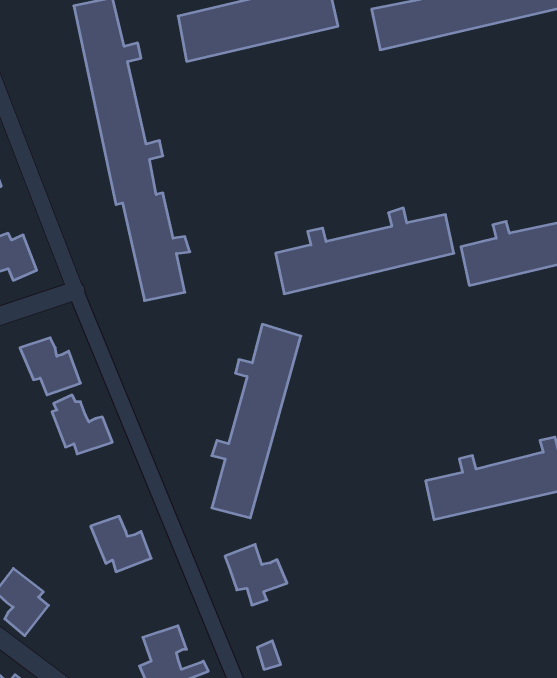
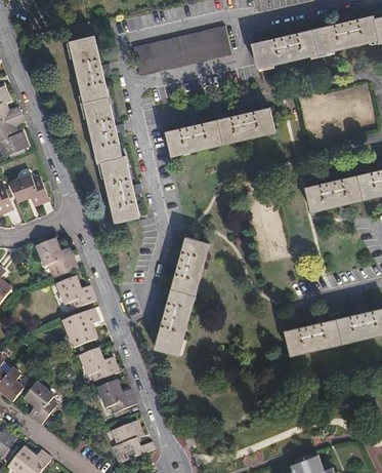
building: [276,208,454,294] -> [166,105,274,157]
building: none -> [59,315,96,353]
building: [225,544,287,605] -> [98,383,136,420]

